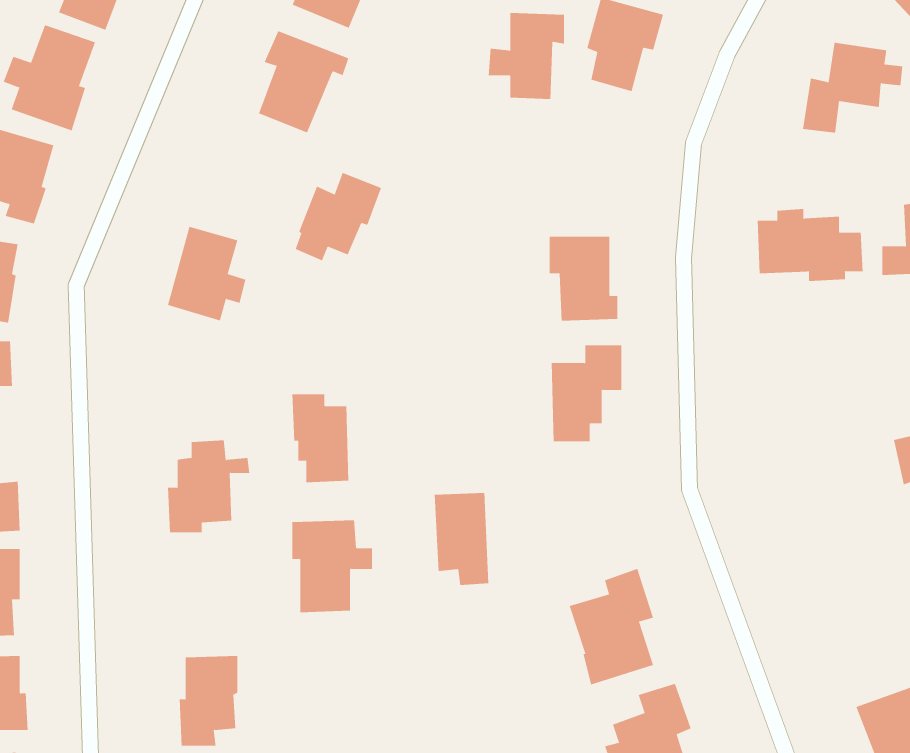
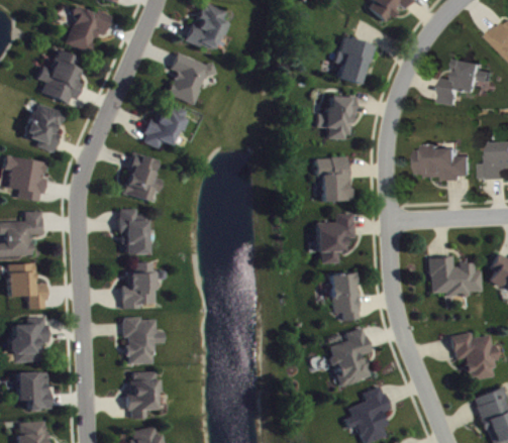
building: [488,13,565,100] -> [317,95,357,139]
building: [295,172,382,261] -> [144,103,189,148]
building: [292,394,349,483] -> [119,209,148,254]
building: none -> [430,256,483,296]
building: [434,492,489,585] -> [330,272,359,320]
building: [292,520,373,613] -> [123,317,165,364]
building: none -> [451,332,497,381]

